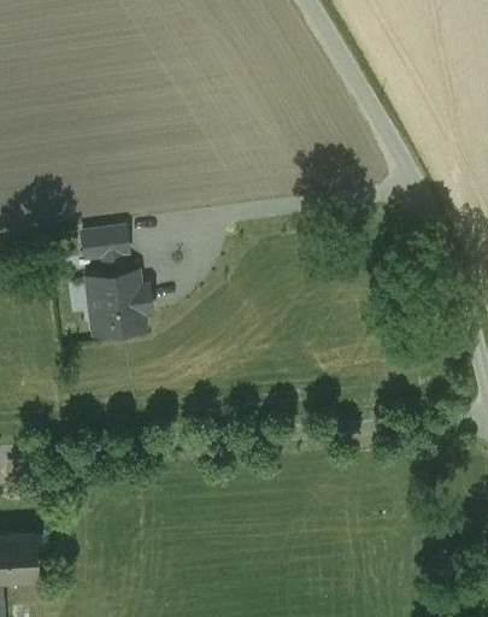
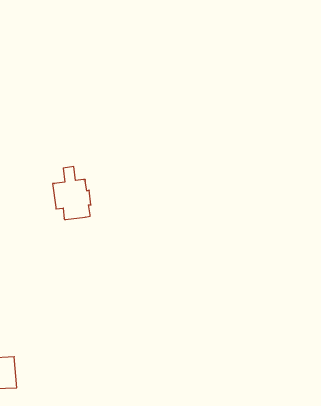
building: [83,228,129,257] -> none

